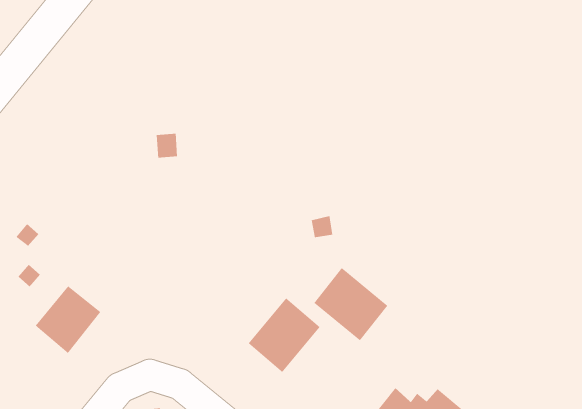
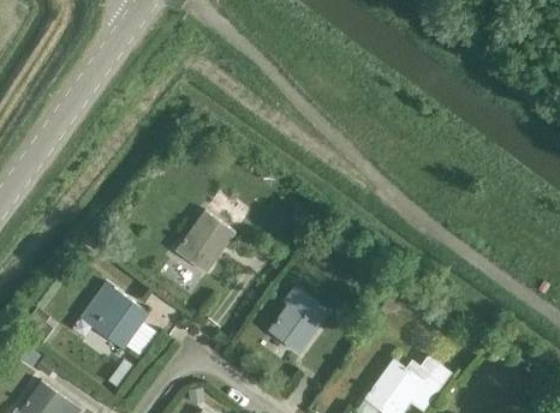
building: none -> [175,210,234,271]
building: [313,267,388,341] -> none

